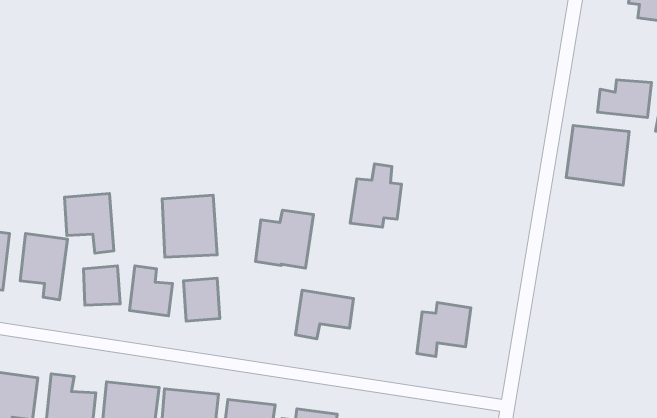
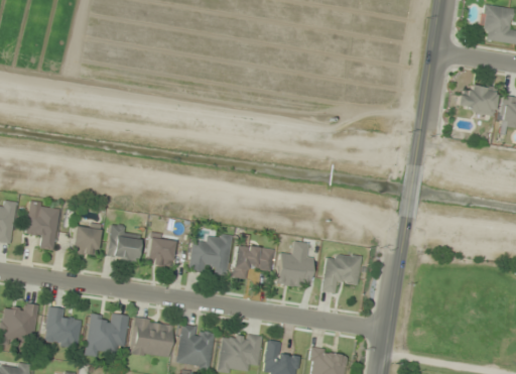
building: [566,126,629,185] -> none
building: [350,164,401,227] -> [275,240,313,287]
building: [64,193,114,253] -> none
building: [162,195,217,257] -> none
building: [256,210,314,268] -> [188,233,232,276]

